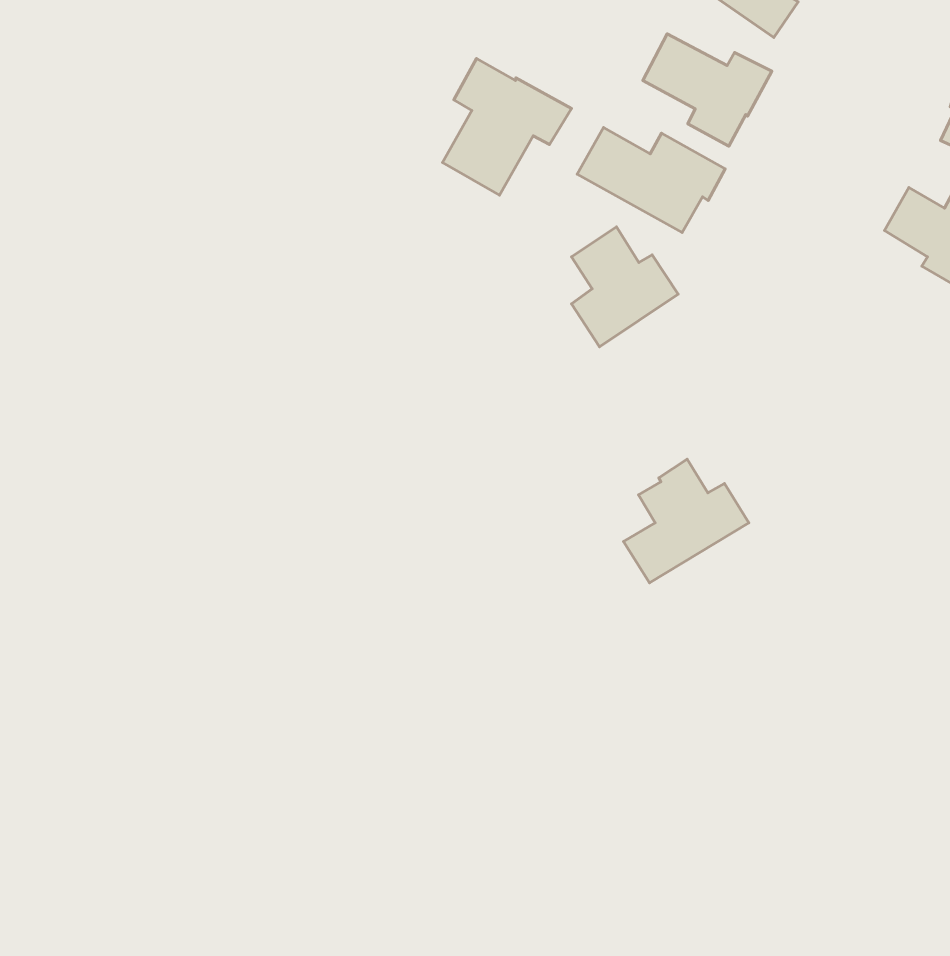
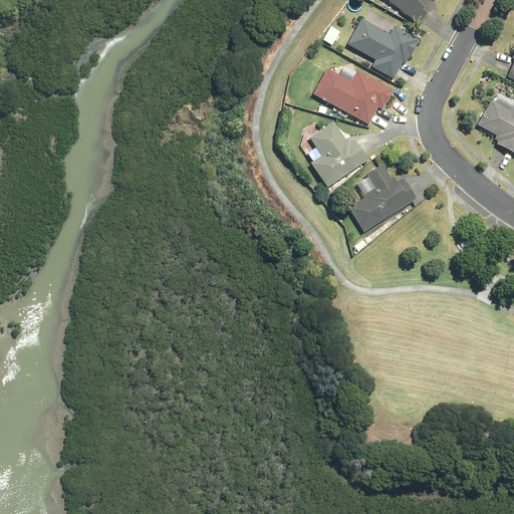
building: [443,59,571,195] -> none
building: [623,459,749,583] -> [348,164,416,230]

